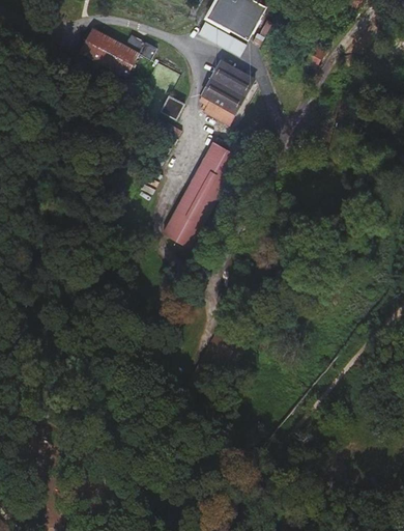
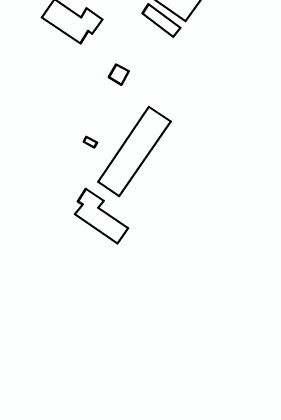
building: [204,62,253,124] -> none
building: none -> [75,189,128,244]

